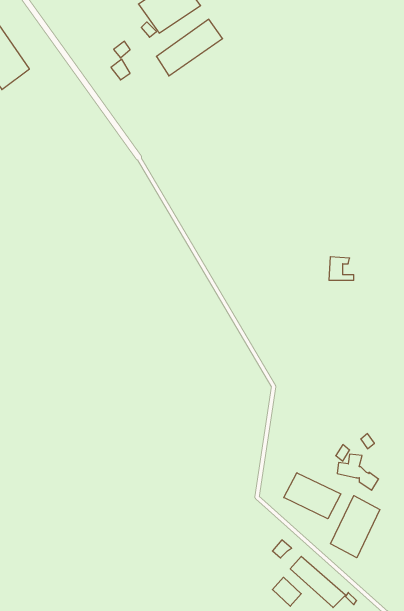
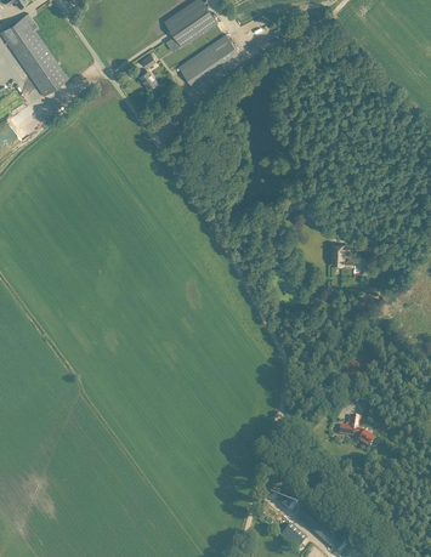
building: [284,473,341,519] -> none
building: [331,496,380,558] -> none

